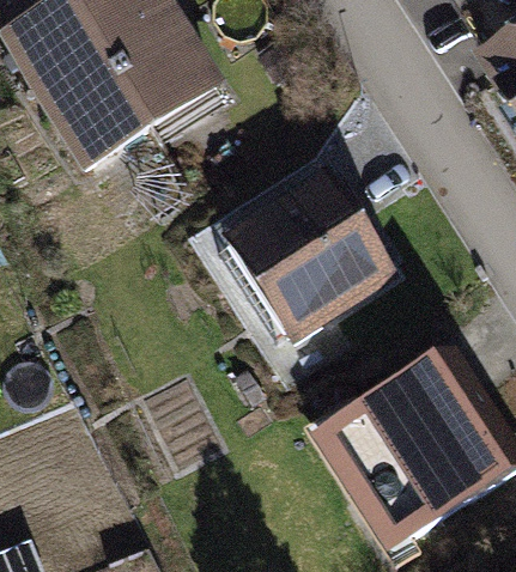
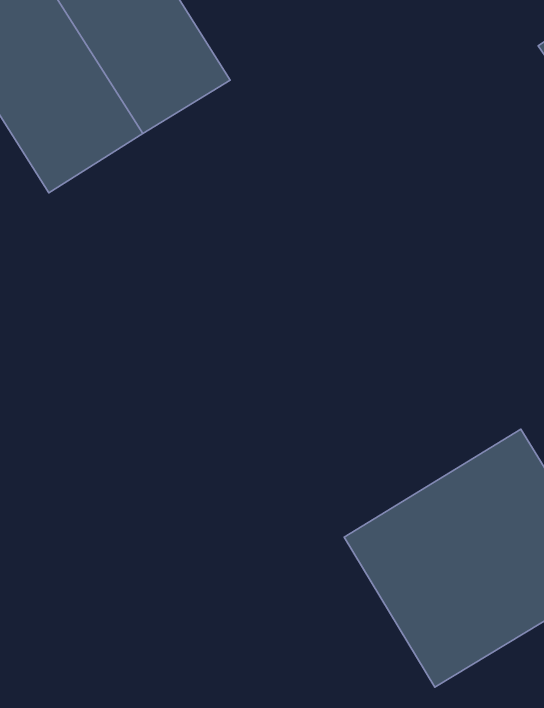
building: [225,169,390,336] -> none

